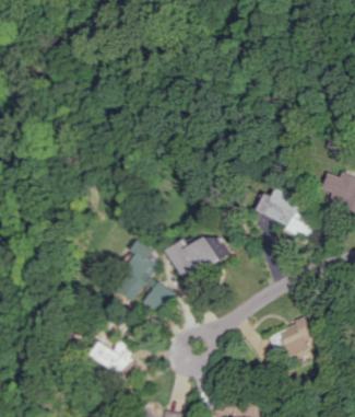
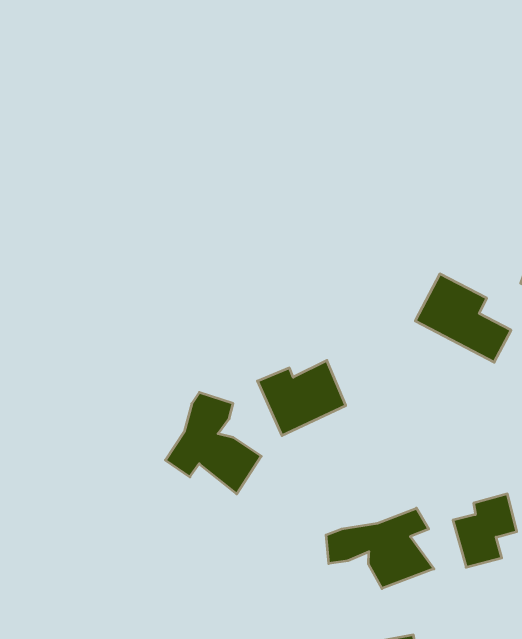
building: none -> [326,508,434,589]
building: [87,340,132,374] -> none

